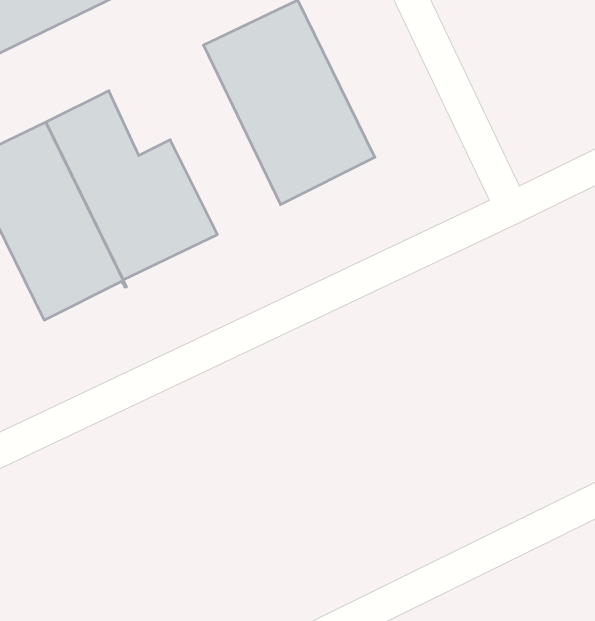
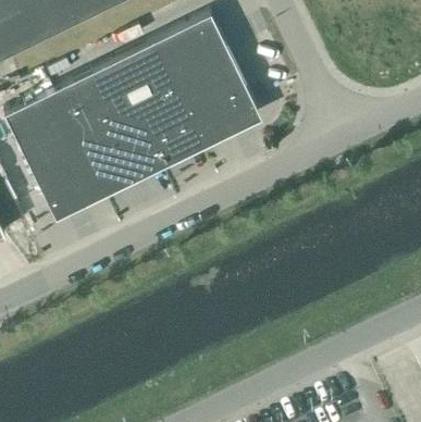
building: none -> [94,42,200,160]

